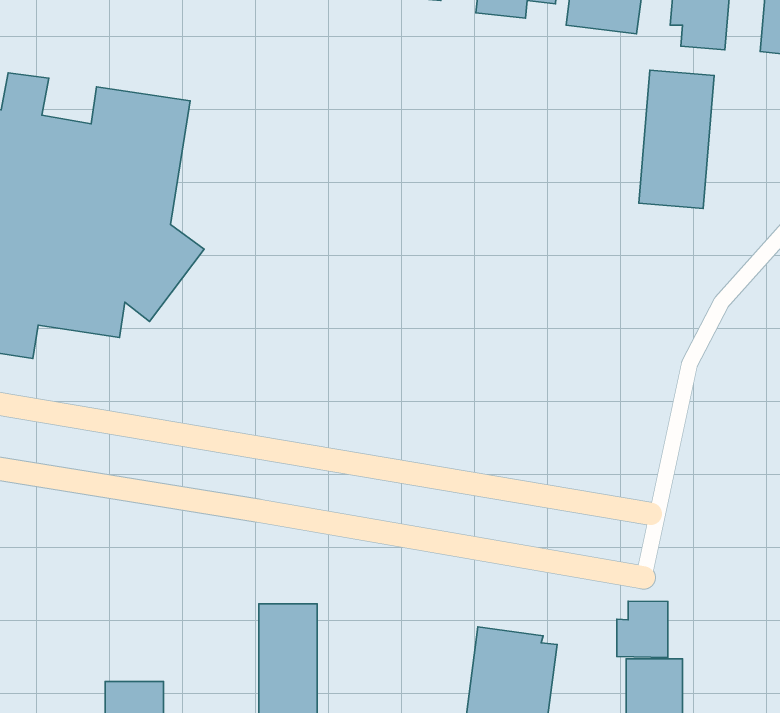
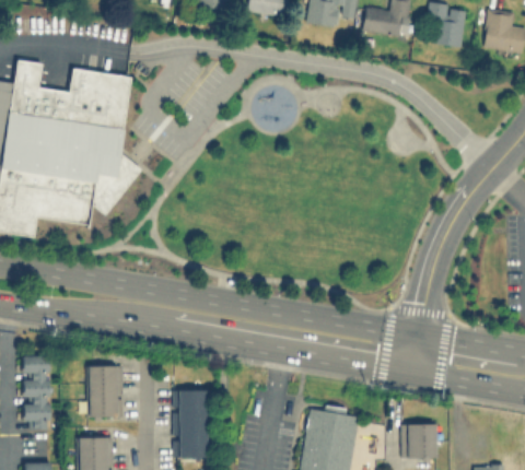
building: [639,70,714,208] -> none
building: none -> [24,355,50,430]
building: none -> [88,365,124,416]
building: [617,601,668,657] -> none

